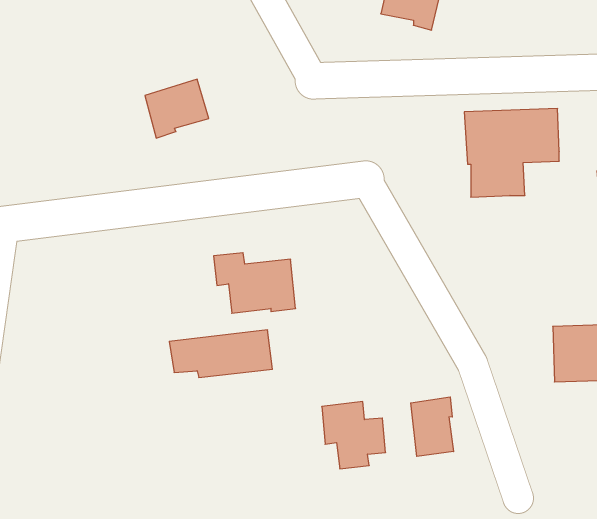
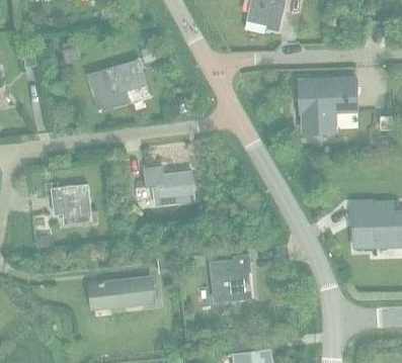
building: none -> [51,184,90,213]
building: [169,330,272,377] -> [90,276,154,305]
building: [411,397,454,456] -> none

